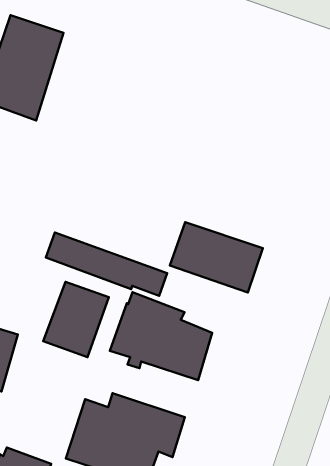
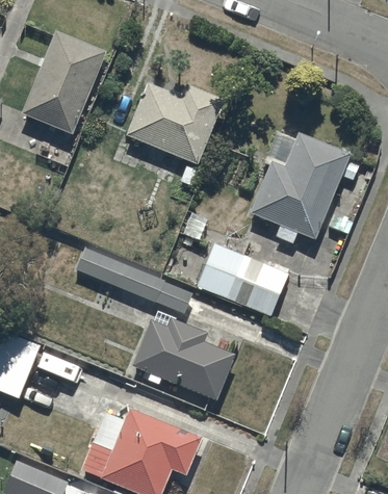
building: none -> [125,82,226,165]
building: none -> [251,132,348,244]
building: [43,282,109,357] -> none

